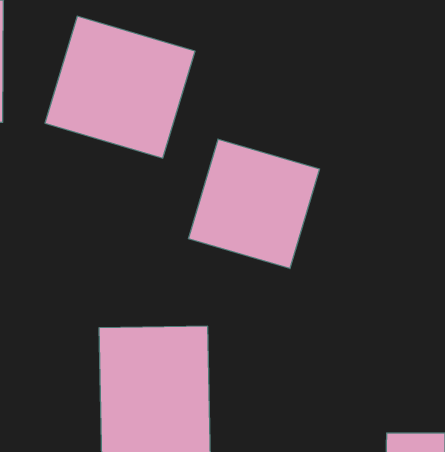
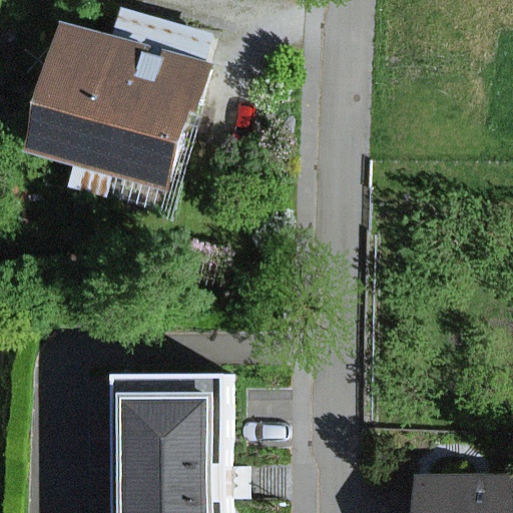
building: [188,139,320,269] -> none

